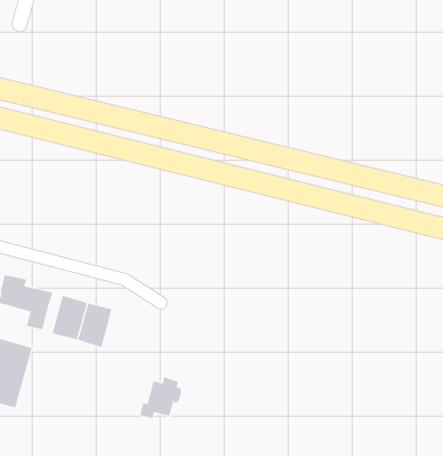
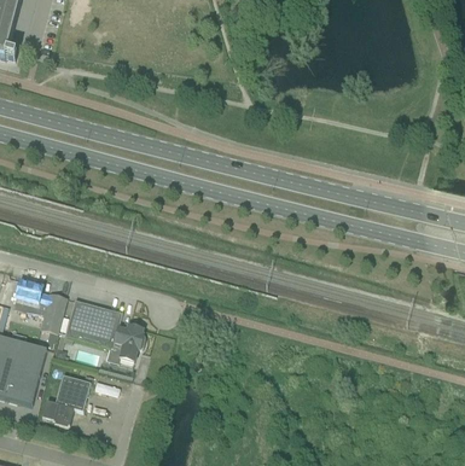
building: none -> [40,373,88,424]
building: [139,377,181,419] -> [103,322,143,362]

